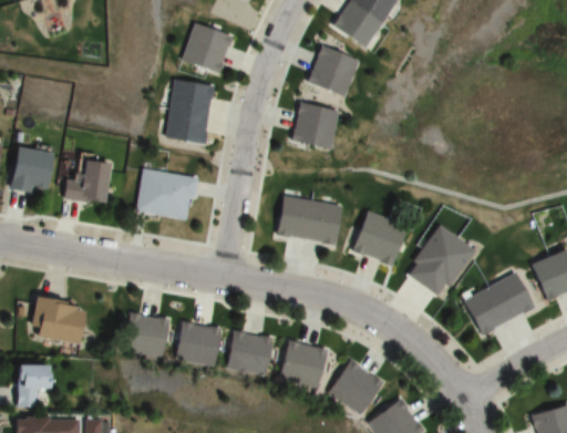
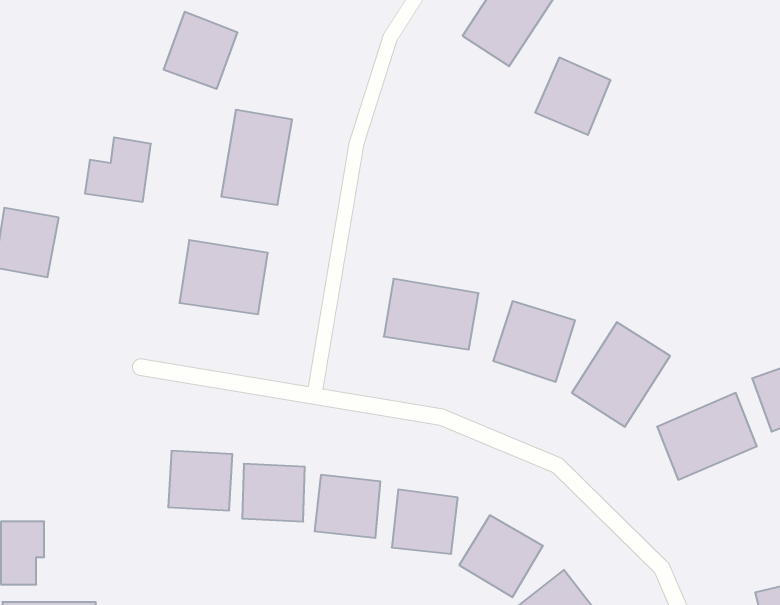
building: [183,21,234,74] -> [164,12,238,89]
building: [306,44,358,97] -> [535,58,611,135]
building: [291,102,339,151] -> none
building: [63,159,109,204] -> [85,137,151,202]
building: [32,297,83,340] -> none

